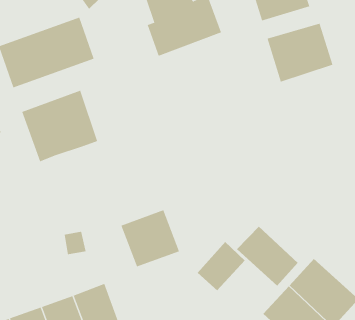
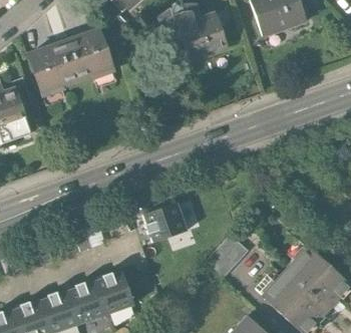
building: [267,23,333,83] -> none
building: [22,90,98,162] -> none
building: [236,226,298,287] -> none

